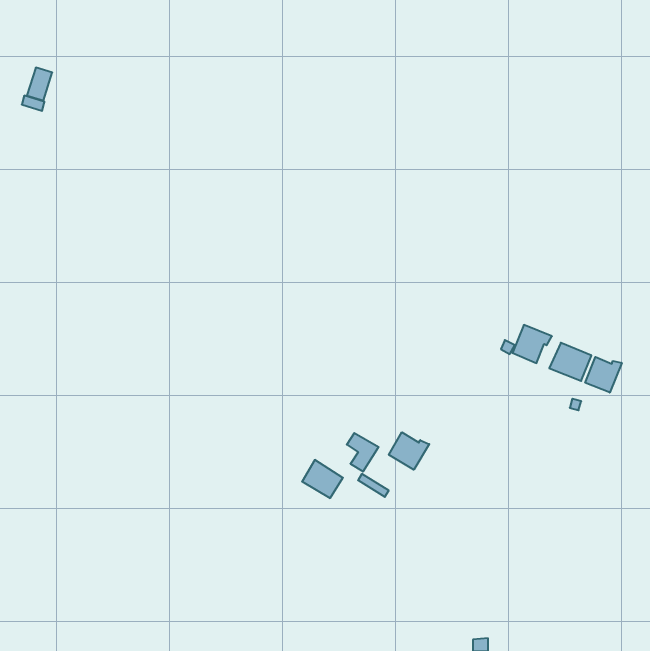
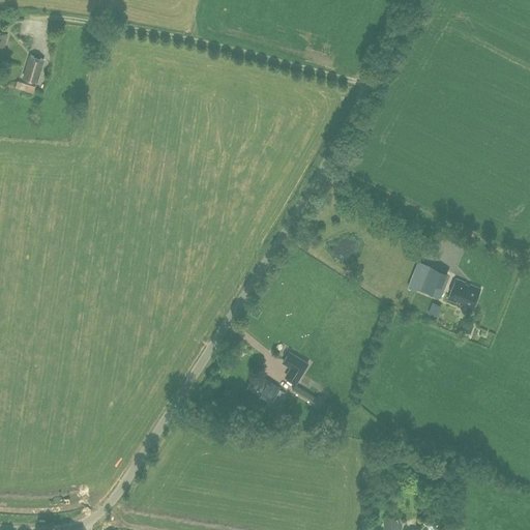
building: [585,357,622,393] -> none
building: [389,432,429,470] -> none

